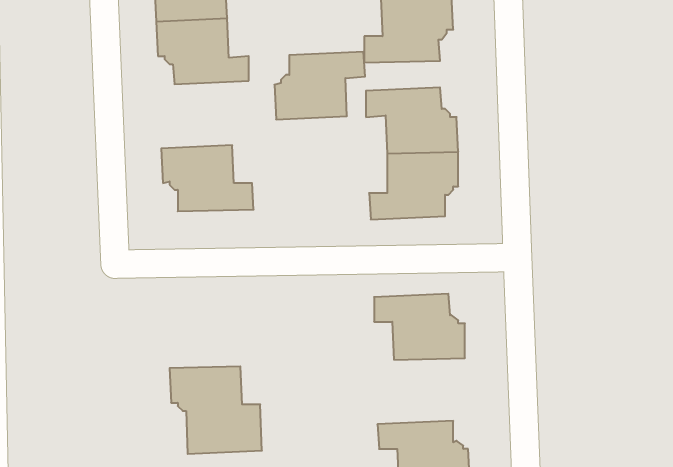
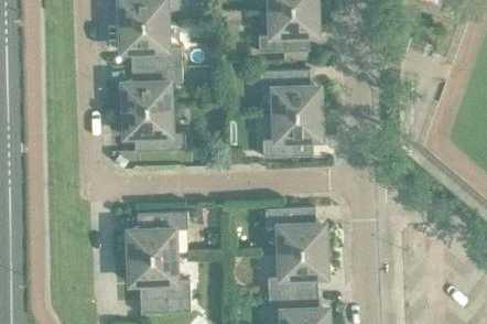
building: [274,52,365,119] -> [120,64,181,109]
building: none -> [126,210,185,256]
building: none -> [266,249,325,293]

